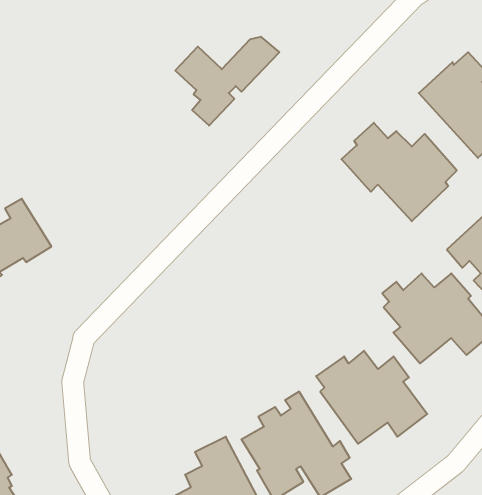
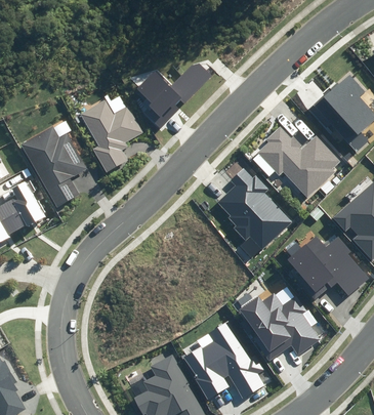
building: none -> [80,99,142,172]
building: none -> [19,126,86,207]
building: none -> [217,168,292,250]

